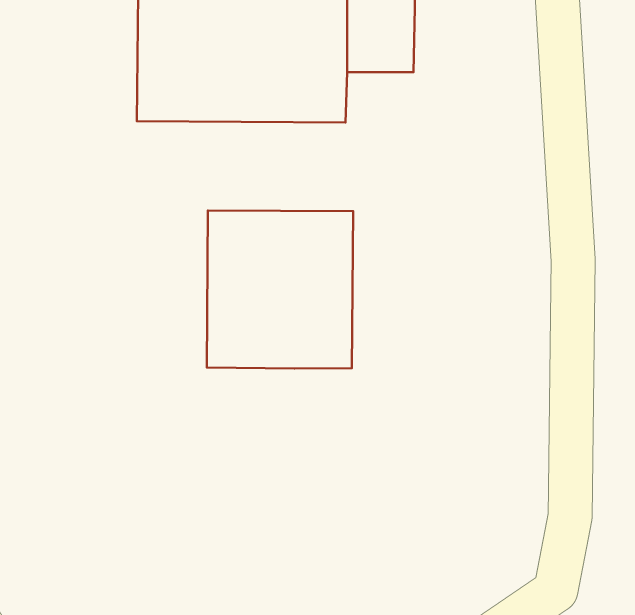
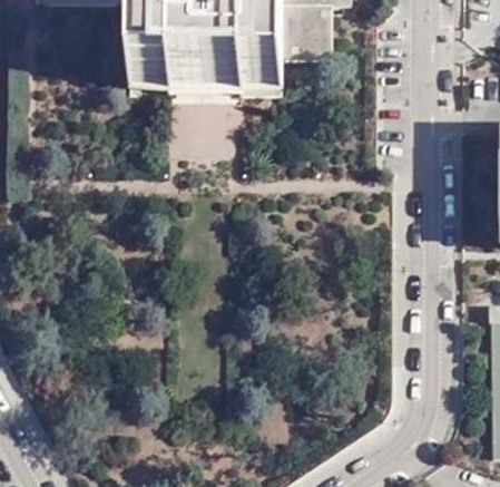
building: [207,210,353,368] -> none

